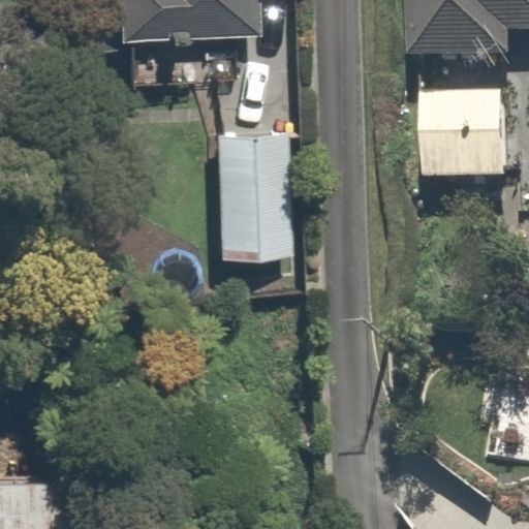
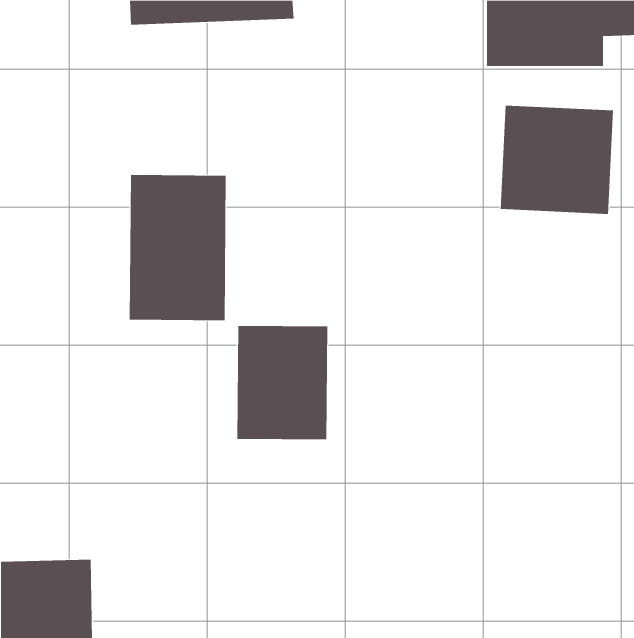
building: [211,119,291,240] -> [129,174,227,321]
building: none -> [237,325,328,440]

